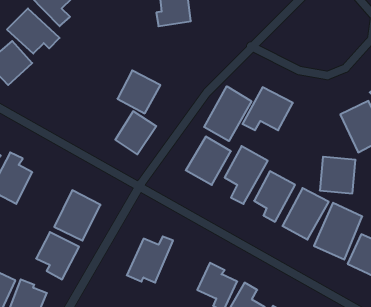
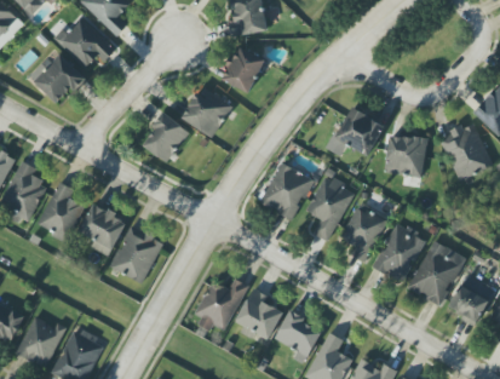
building: none -> [222,46,266,93]
building: [204,86,251,141] -> none
building: [115,111,156,154] -> [143,113,190,162]
building: [320,157,356,193] -> [385,134,426,177]
building: [36,232,79,279] -> [79,202,128,257]
building: none -> [236,292,285,339]

